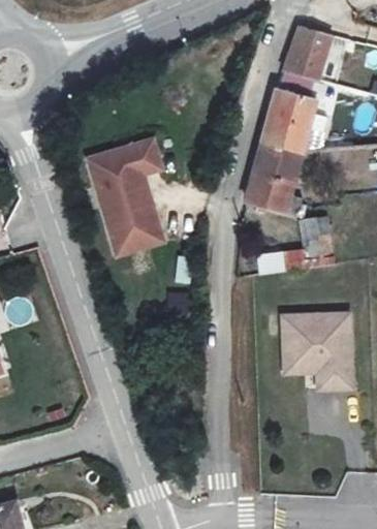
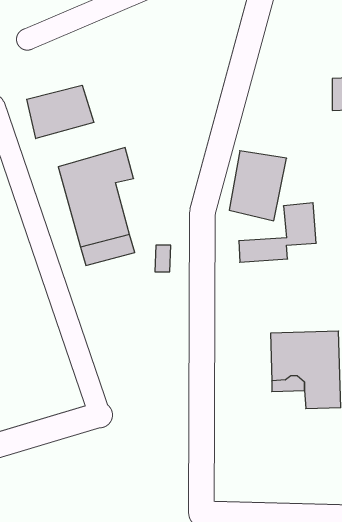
building: [282,39,325,88] -> none
building: none -> [27,85,94,139]
building: [259,97,315,156] -> none

